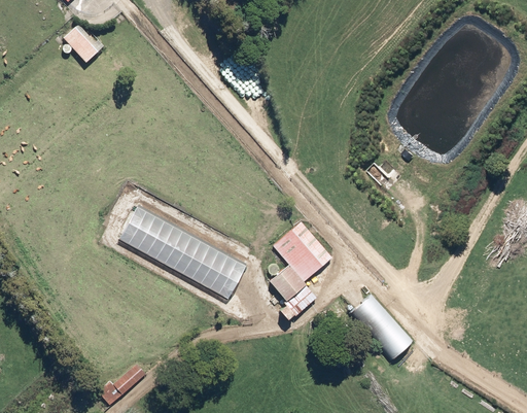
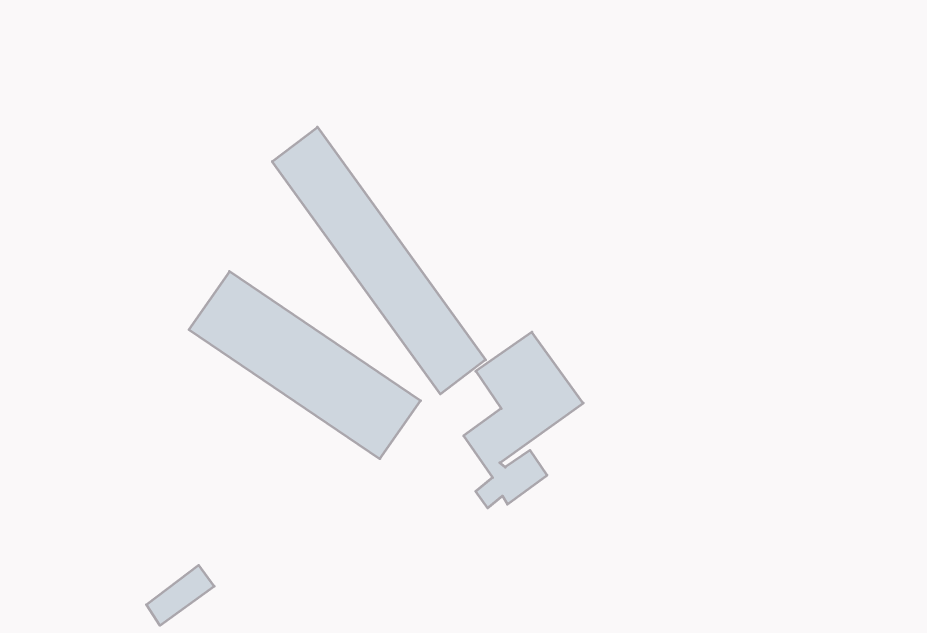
building: none -> [272,127,486,394]
building: [350,295,412,357] -> none

